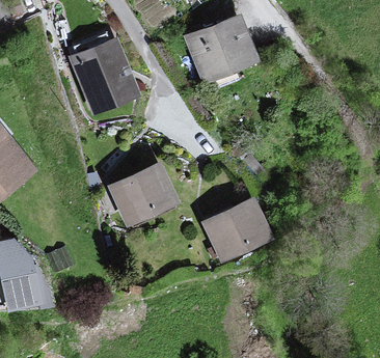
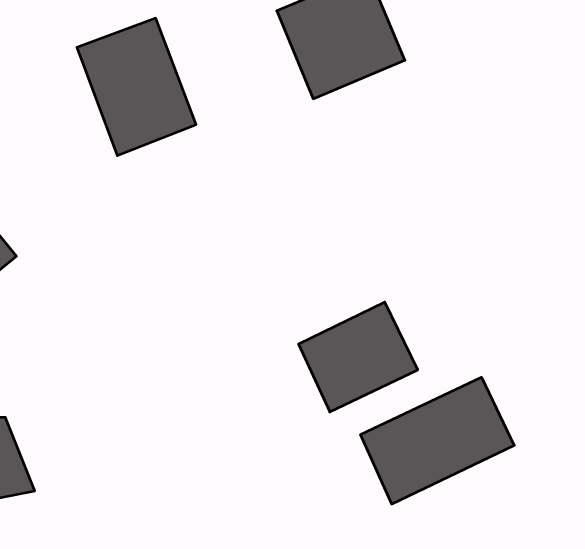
building: [108,163,174,227] -> none
building: none -> [361,377,514,504]

